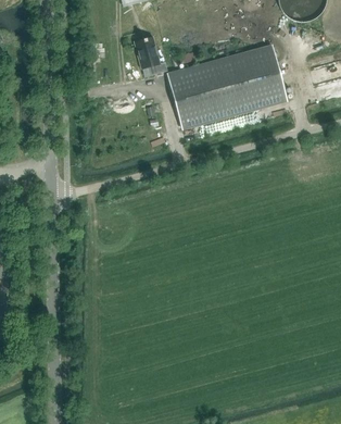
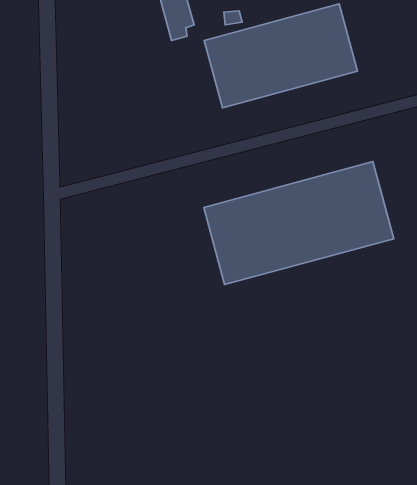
building: none -> [204,162,394,285]

